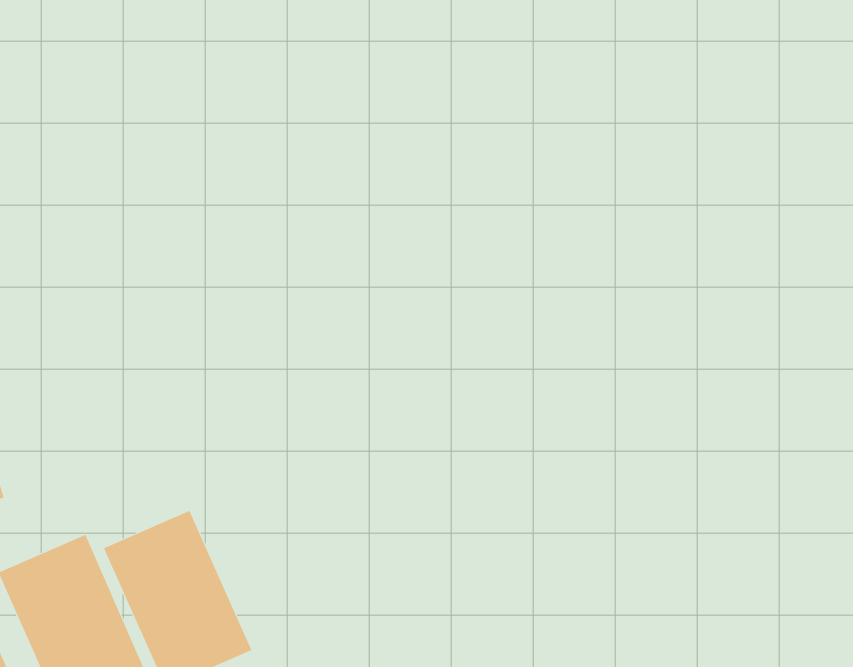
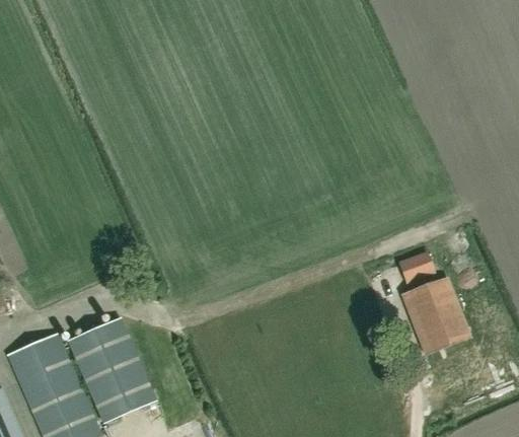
building: none -> [399,251,468,352]

